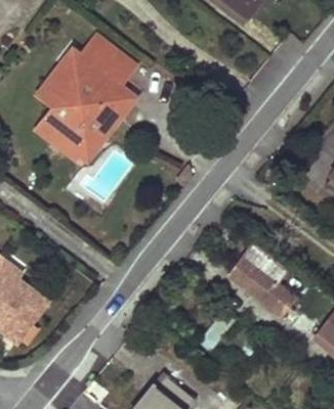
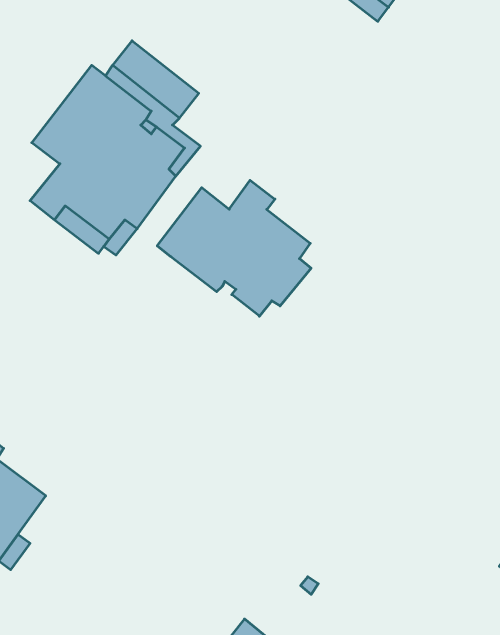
building: none -> [157,180,311,316]
building: [227,242,301,316] -> none

